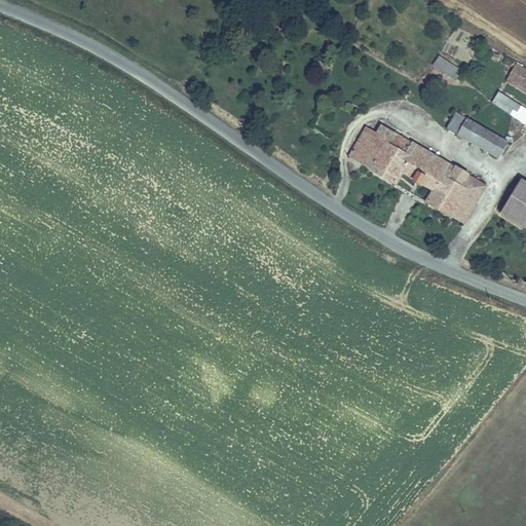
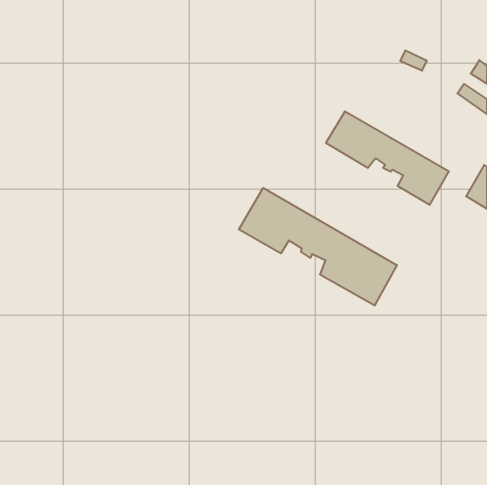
building: [447,112,506,158] -> none
building: none -> [239,188,397,306]

